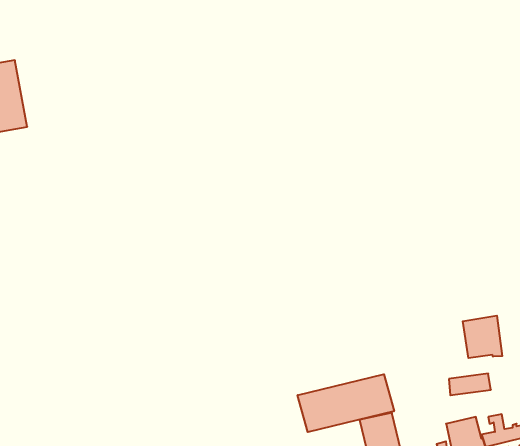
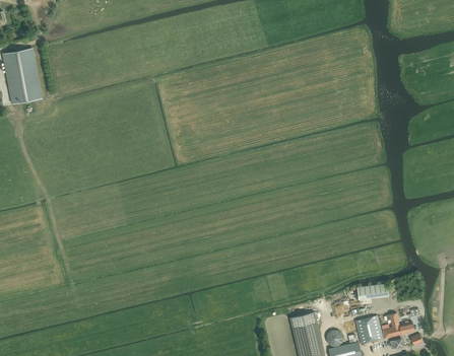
building: [463,316,502,358] -> none
building: [298,374,394,432] -> none

